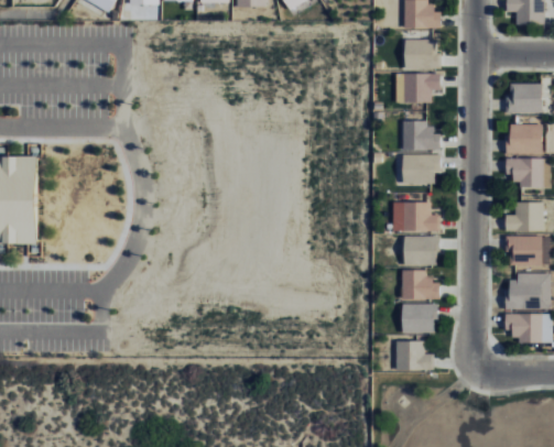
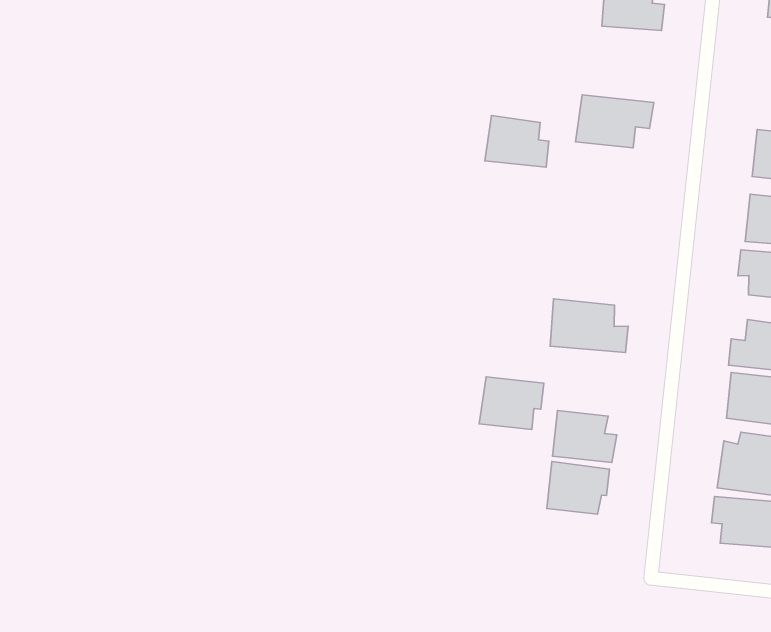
building: [404,39,442,69] -> none
building: [402,121,441,150] -> [485,115,549,167]
building: [403,154,441,183] -> none
building: [403,236,441,265] -> [479,377,544,430]
building: [395,340,435,370] -> none

